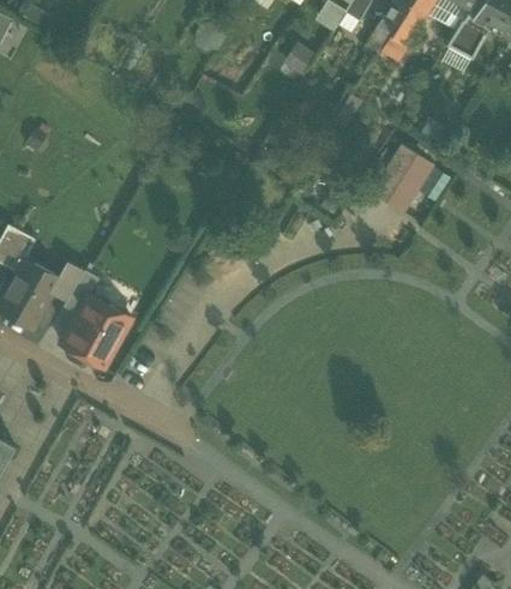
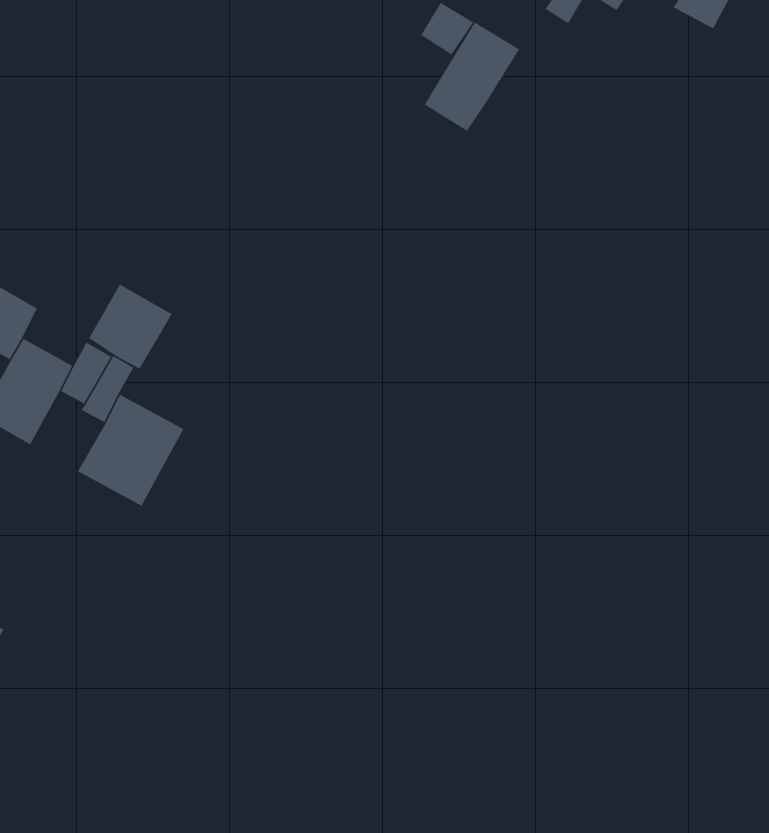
building: none -> [424,22,520,132]
building: [369,144,433,214] -> none
building: none -> [88,284,173,370]

